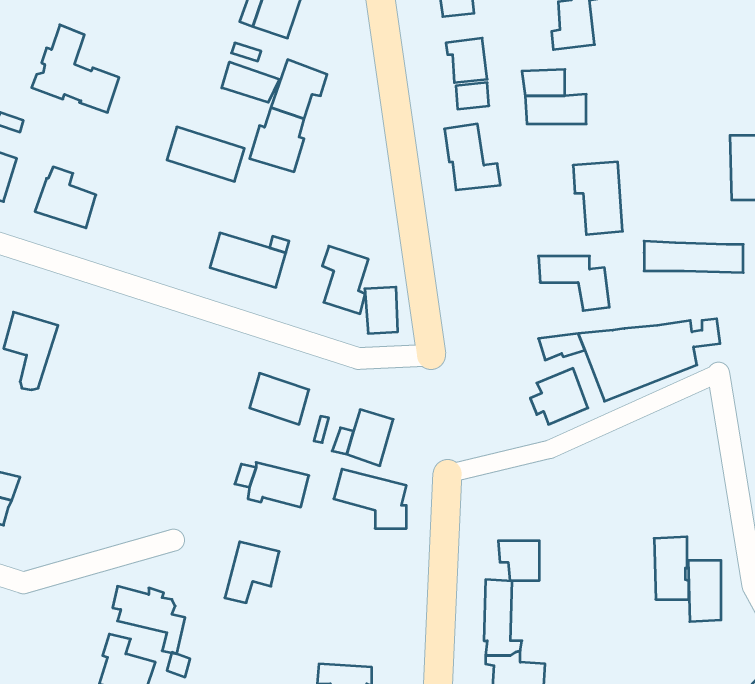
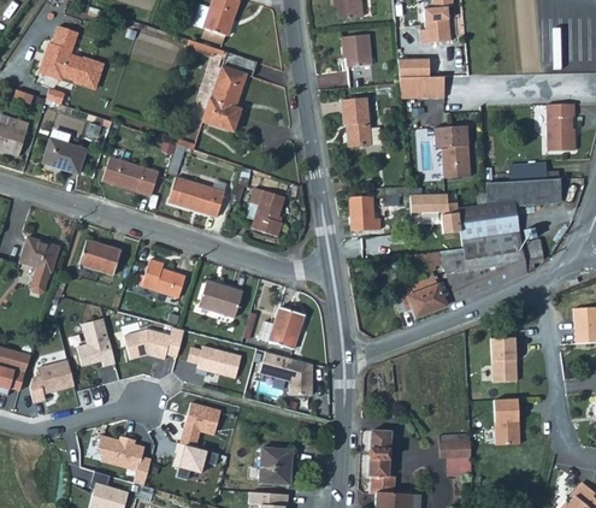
building: [222,62,279,102] -> none
building: [167,127,244,181] -> [102,156,159,196]
building: none -> [509,167,547,185]
building: none -> [458,191,520,248]
building: [365,287,398,333] -> [349,195,373,229]
building: none -> [77,238,122,280]
building: none -> [142,259,187,297]
building: none -> [78,320,117,366]
building: none -> [125,325,185,358]
building: none -> [31,360,76,402]
building: [498,541,539,580] -> [439,441,470,469]
building: [688,560,721,622] -> [492,337,517,382]
building: none -> [175,442,219,478]
building: none -> [259,449,293,485]

